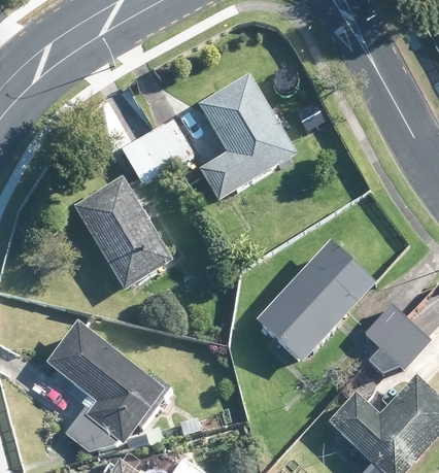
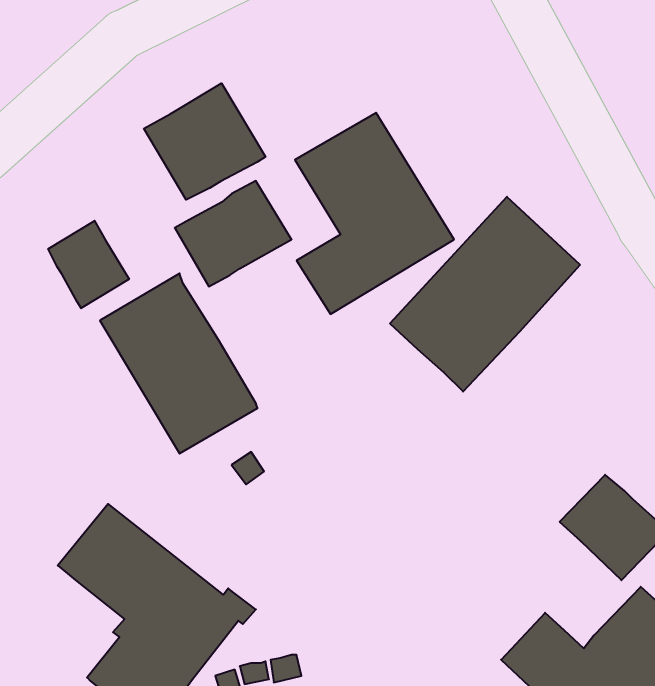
building: none -> [144,83,265,200]
building: none -> [48,221,129,308]
building: [257,238,377,362] -> [390,197,580,392]

